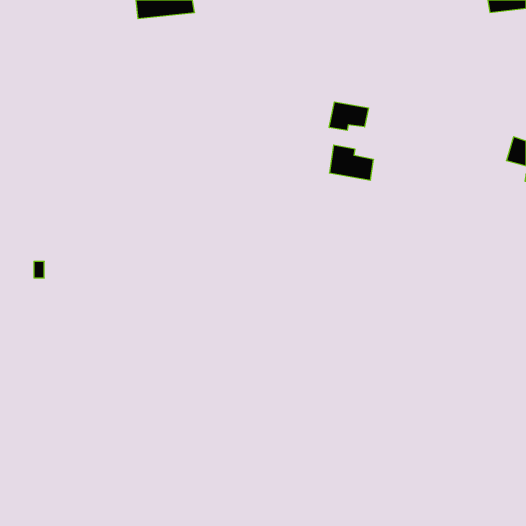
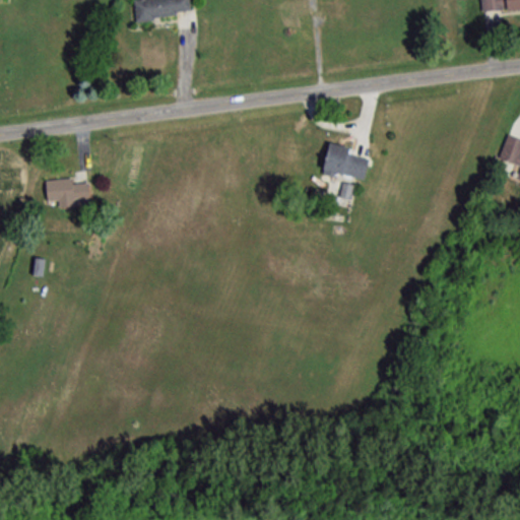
building: [329,102,368,130] -> none
building: none -> [47,178,90,204]

